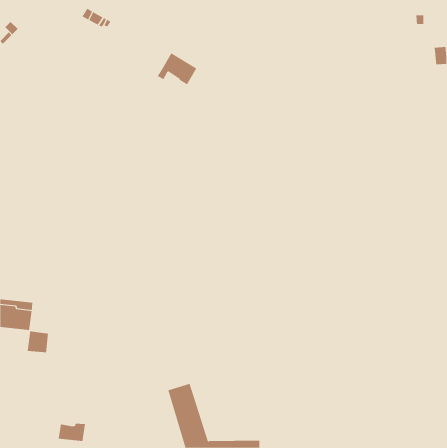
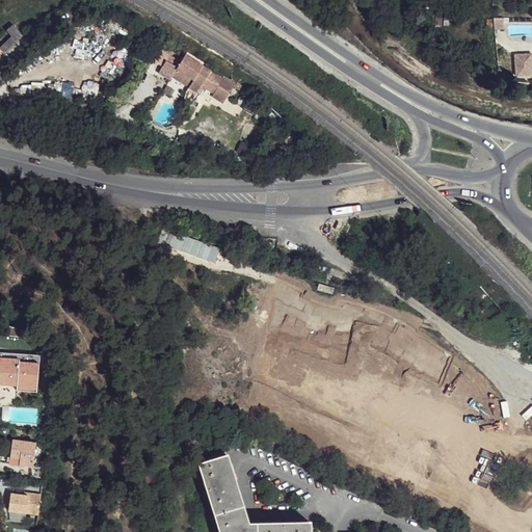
building: none -> [168,54,201,90]
building: [27,331,49,353] -> [8,440,34,466]
building: [58,423,86,441] -> [7,493,41,514]

